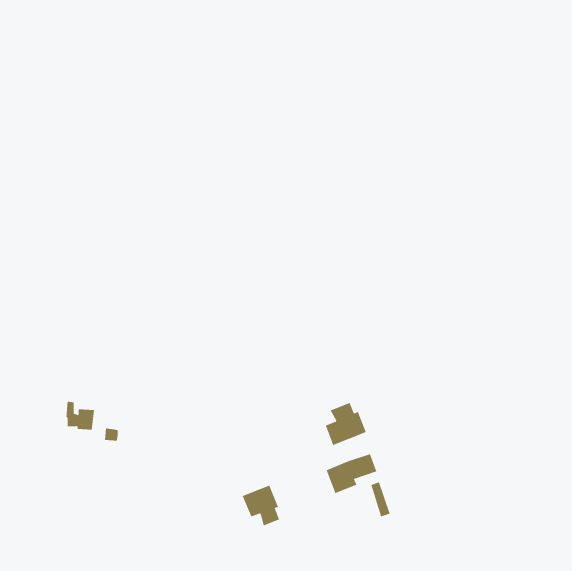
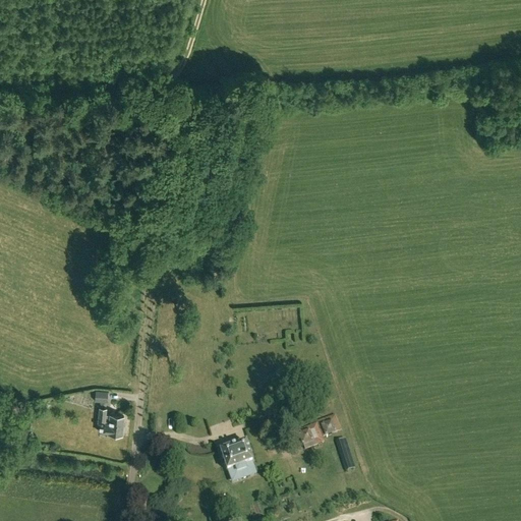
building: [66,401,95,430] -> [99,407,125,433]
building: [325,402,367,446] -> none

